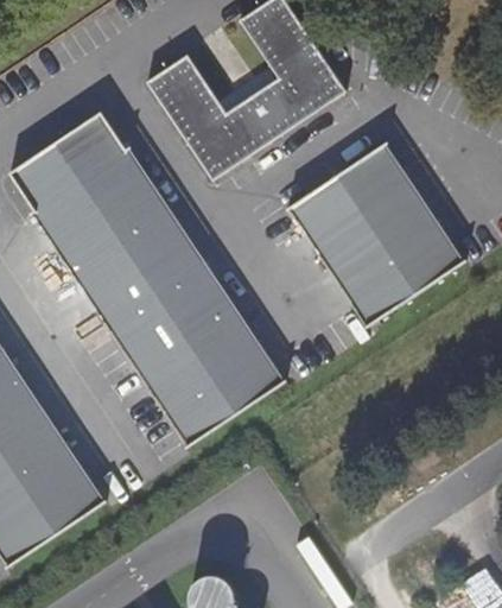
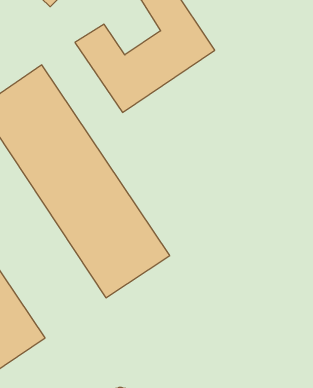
building: [290,140,465,323] -> none

